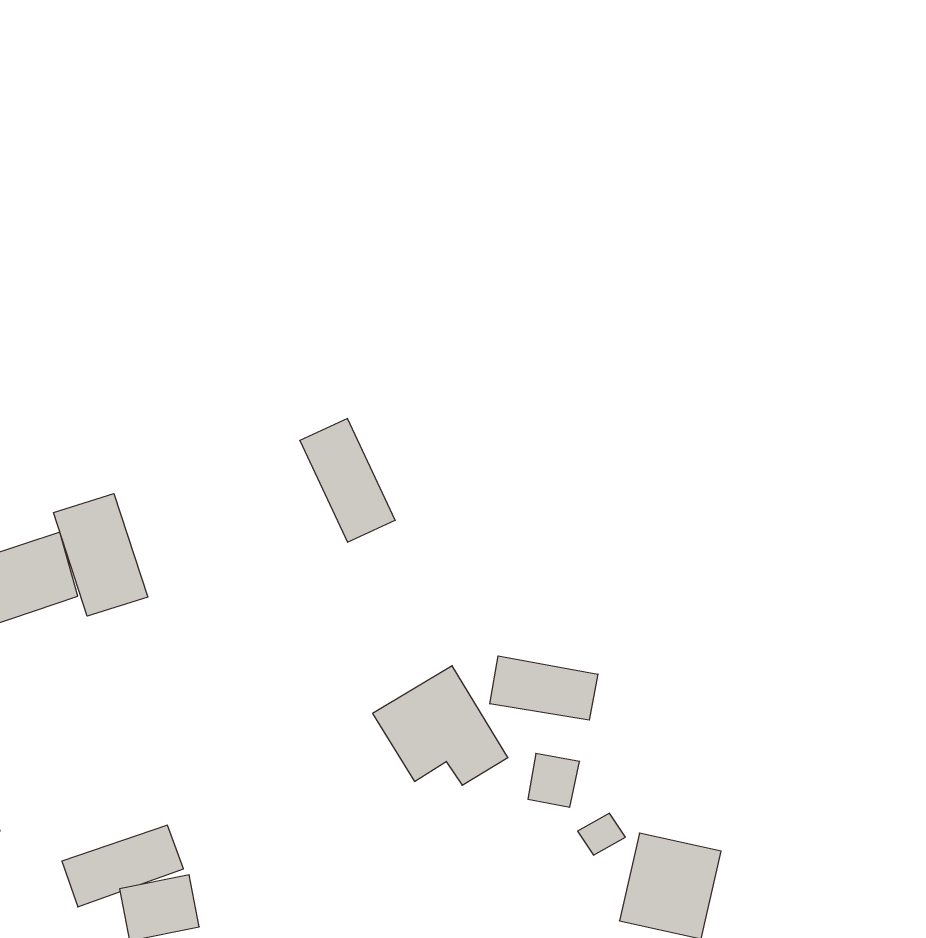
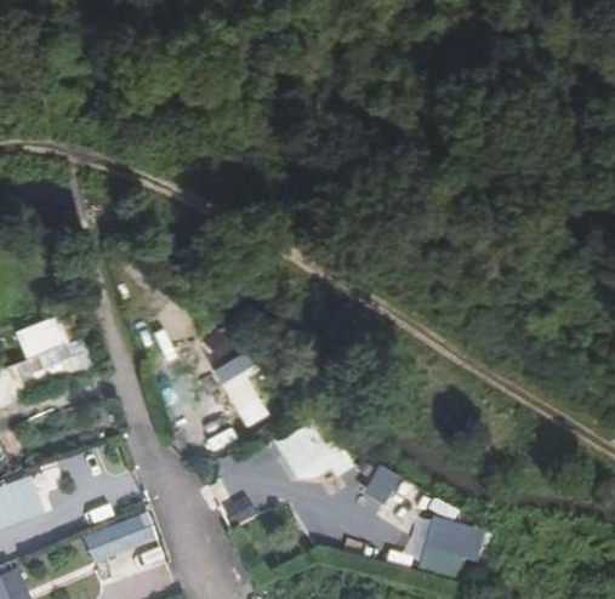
building: [300,419,395,542] -> [211,352,269,427]
building: [53,494,148,616] -> none
building: [490,656,598,720] -> none

